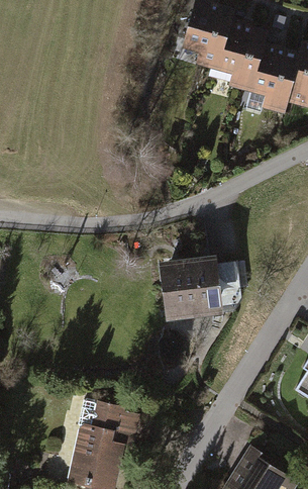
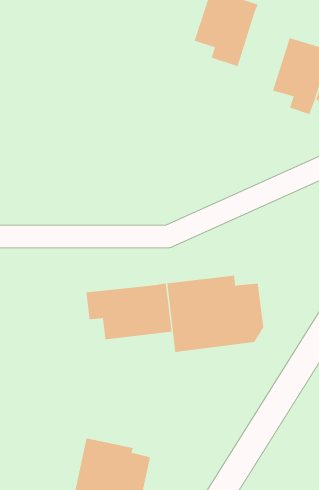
building: [219,21,269,91] -> none
building: none -> [86,282,172,340]

